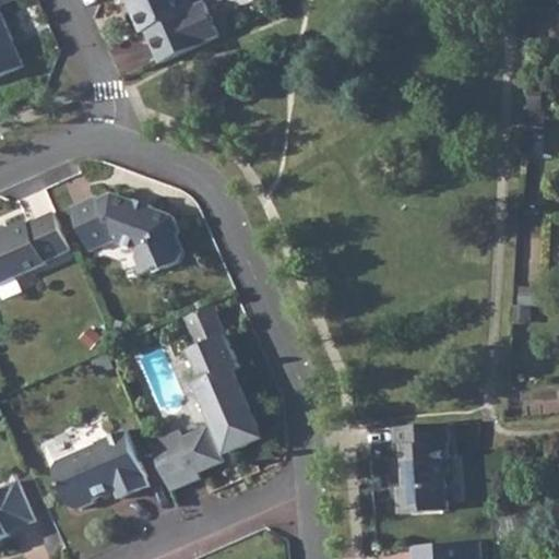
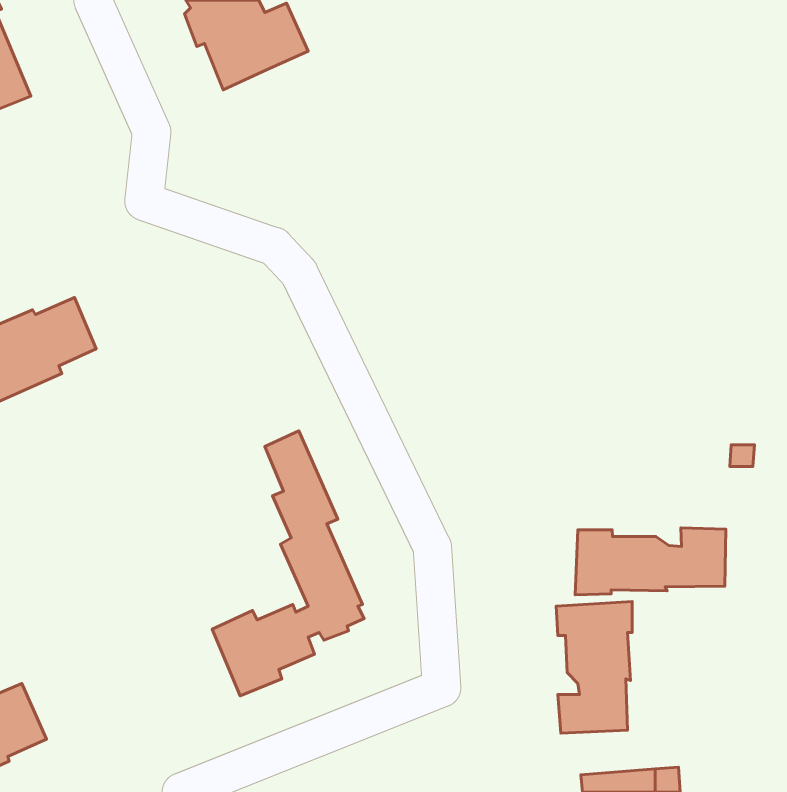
building: [69,192,183,274] -> none
building: none -> [575,528,726,595]
building: [52,430,147,510] -> none

